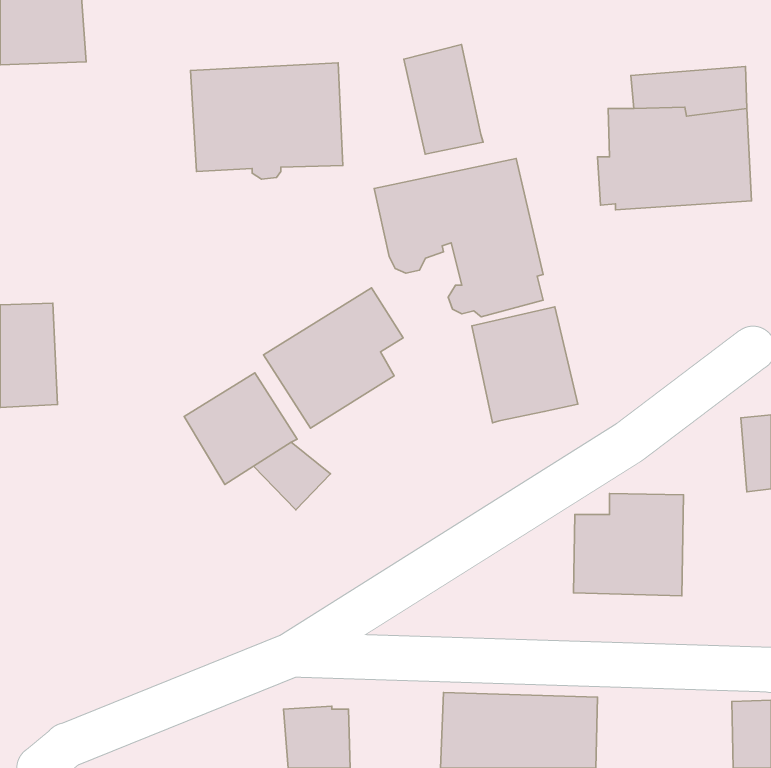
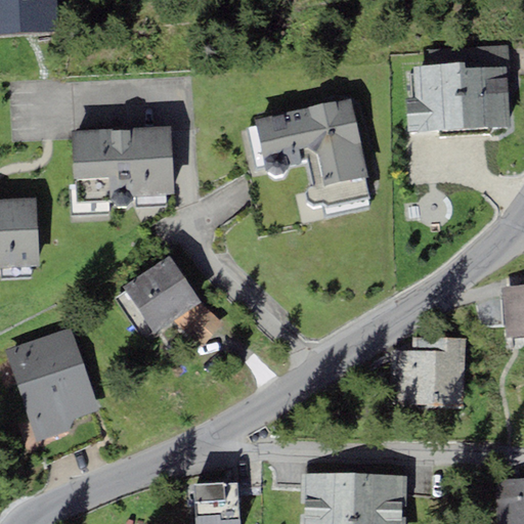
building: [404,45,483,154] -> none
building: [190,63,343,179] -> [71,135,174,214]
building: [264,288,403,428] -> none
building: [472,307,578,423] -> none
building: none -> [5,325,102,440]

